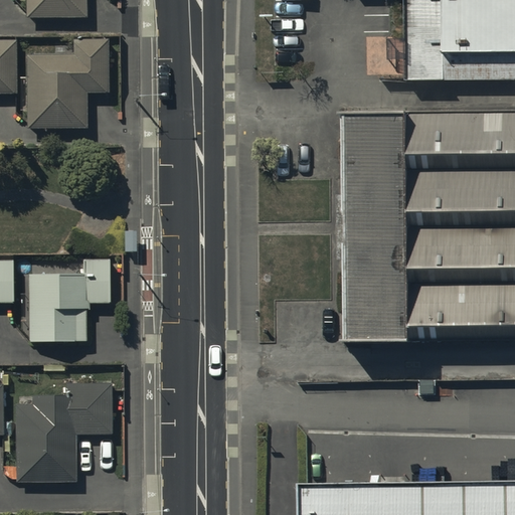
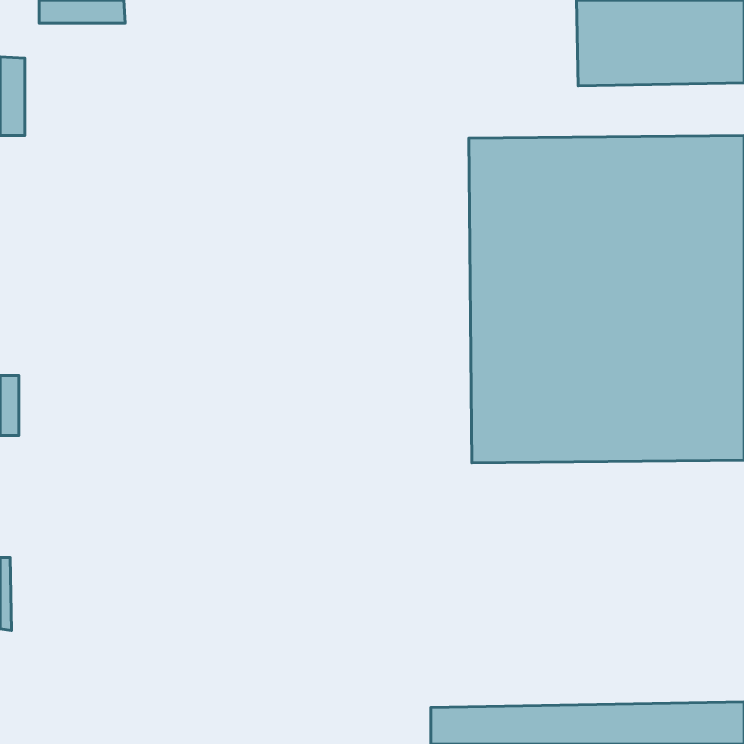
building: [28,39,109,128] -> none
building: [31,260,111,339] -> none
building: [16,387,111,477] -> none

